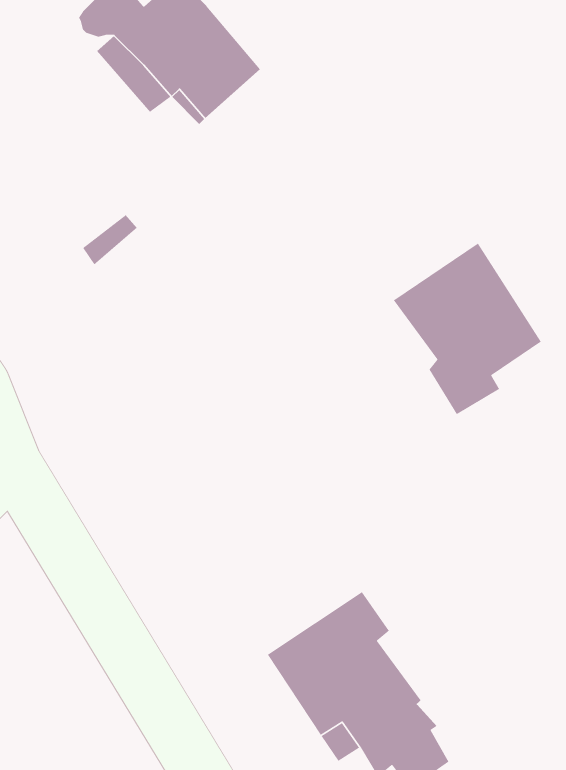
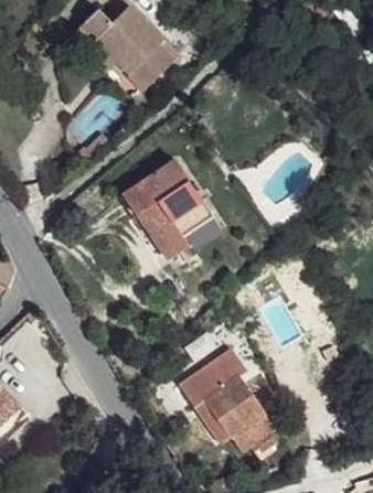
building: [393,242,542,415] -> [129,162,212,258]

